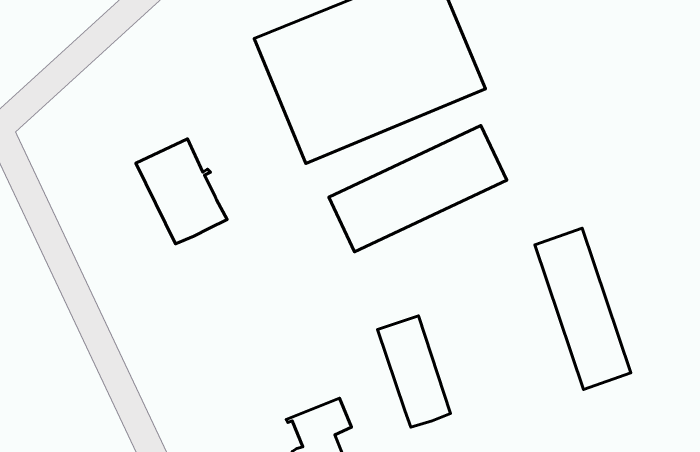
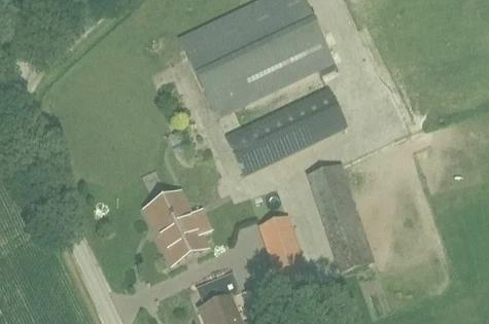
building: [136,139,227,244] -> [145,192,207,263]
building: [535,228,631,390] -> [309,164,374,273]

